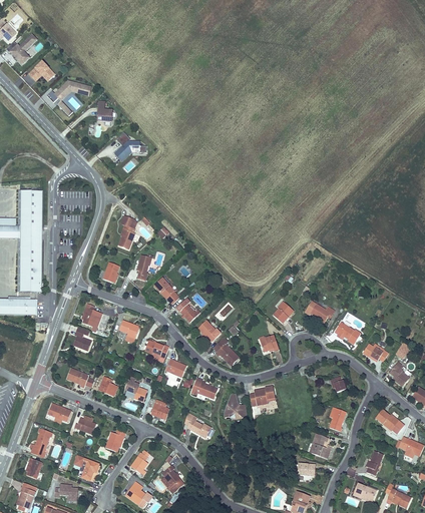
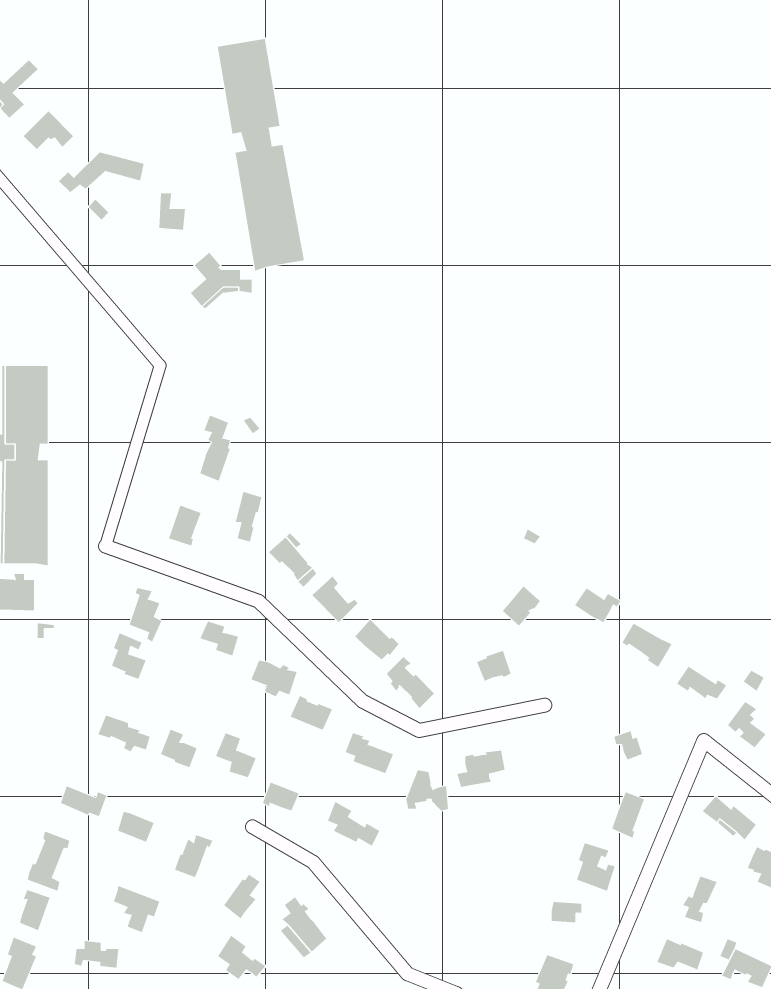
building: none -> [217,38,305,272]

